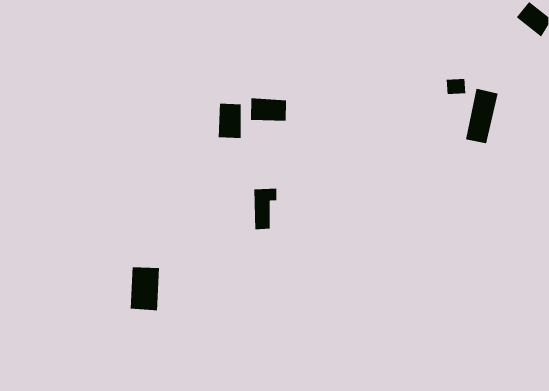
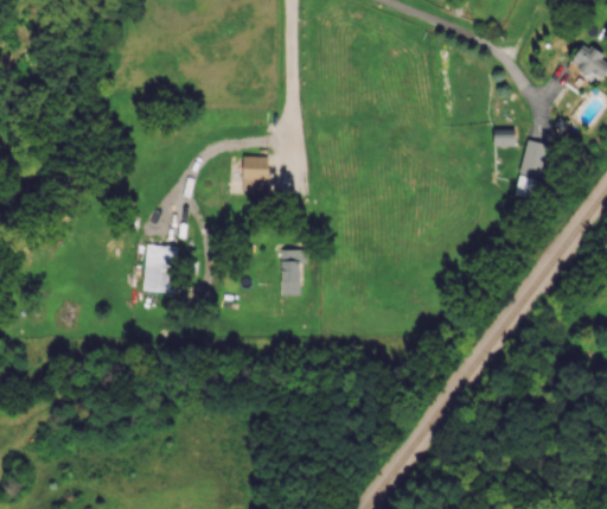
building: [250,98,286,122] -> none
building: [130,267,160,311] -> [143,244,177,293]

